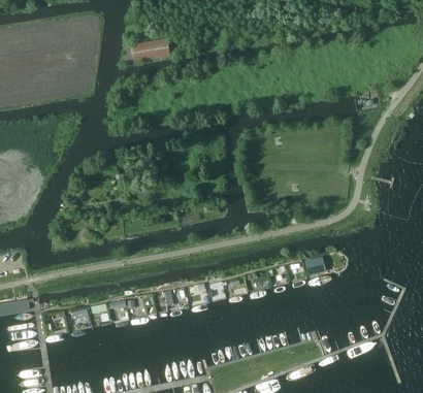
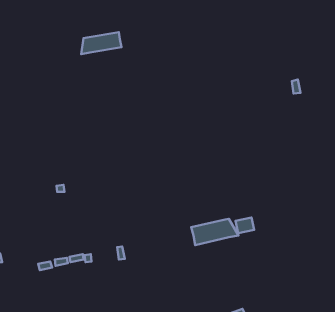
building: none -> [191,219,239,245]

